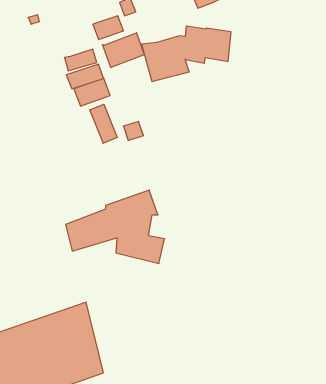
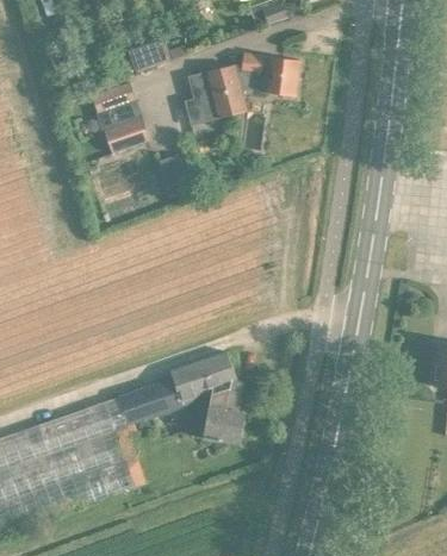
building: [103,33,144,68] -> none
building: [90,104,117,143] -> none
building: [66,190,165,263] -> [122,351,246,443]

